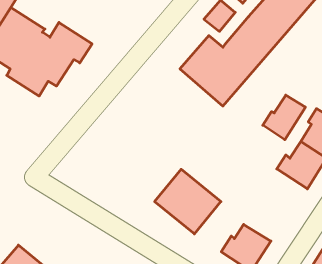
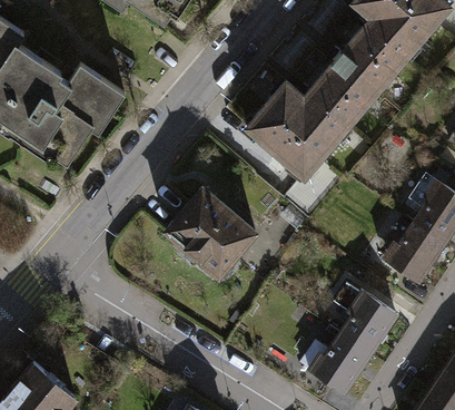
building: [263,95,305,140] -> none
building: [155,169,221,234] -> [166,188,255,275]
building: none -> [333,291,396,358]

